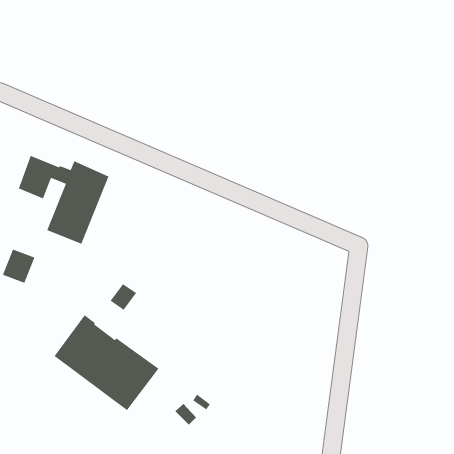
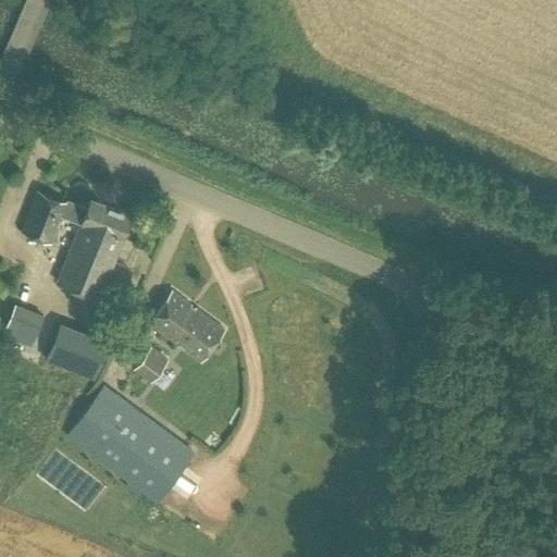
building: none -> [148,290,226,363]
building: none -> [46,322,110,380]

